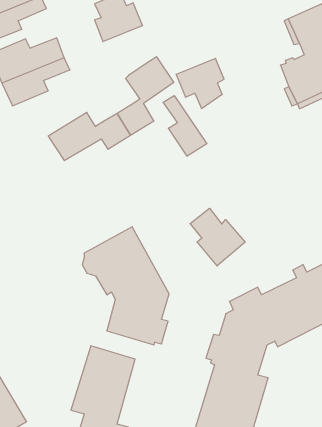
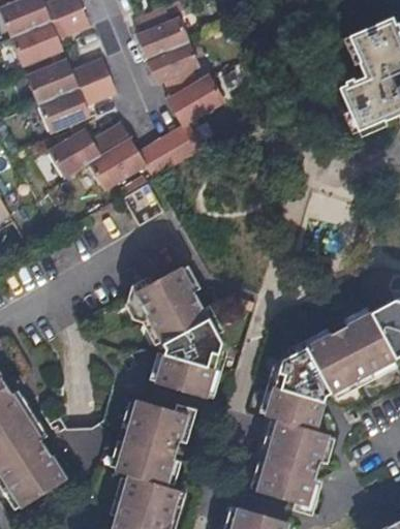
building: [176,58,224,108] -> [149,44,202,99]
building: none -> [52,121,131,179]
building: [163,96,207,156] -> none
building: [190,208,245,266] -> none

